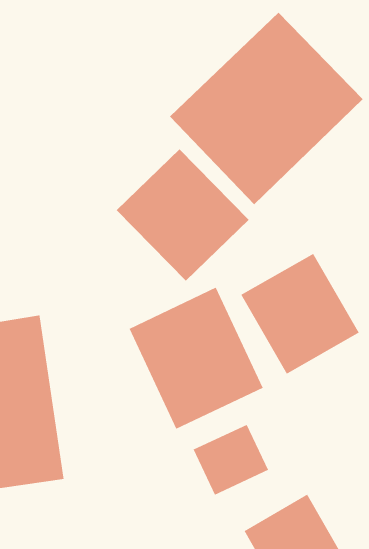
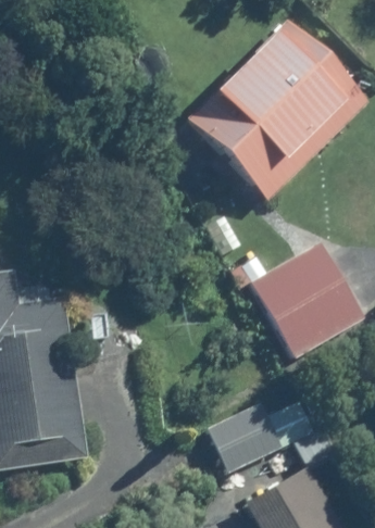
building: [116,148,250,282] -> none
building: [128,287,264,430] -> none

